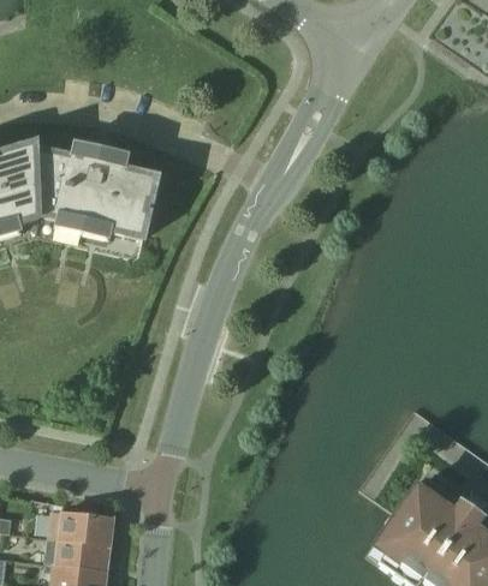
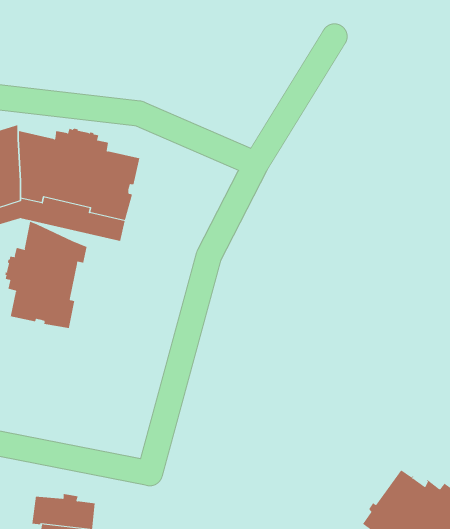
building: none -> [5,221,87,329]

